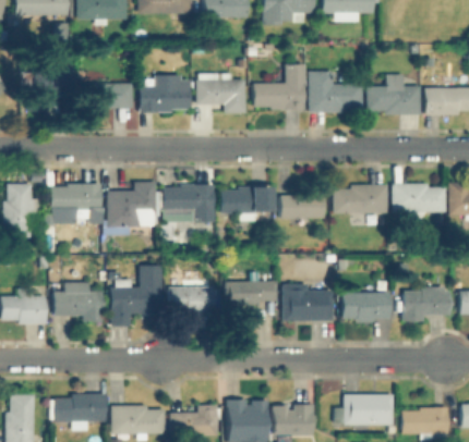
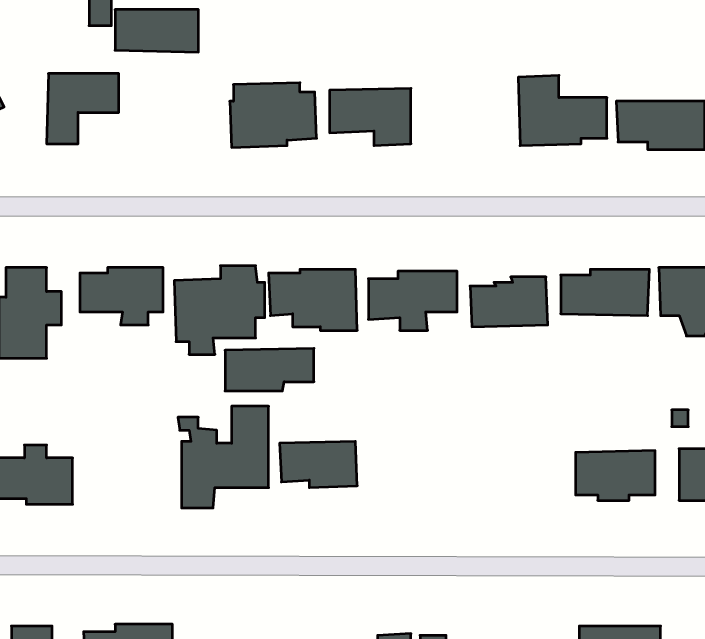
building: [255,64,306,110] -> none
building: [84,83,133,108] -> [115,10,198,52]
building: [226,281,278,306] -> [225,348,314,391]
building: [55,282,104,321] -> none
building: [285,285,333,320] -> none

